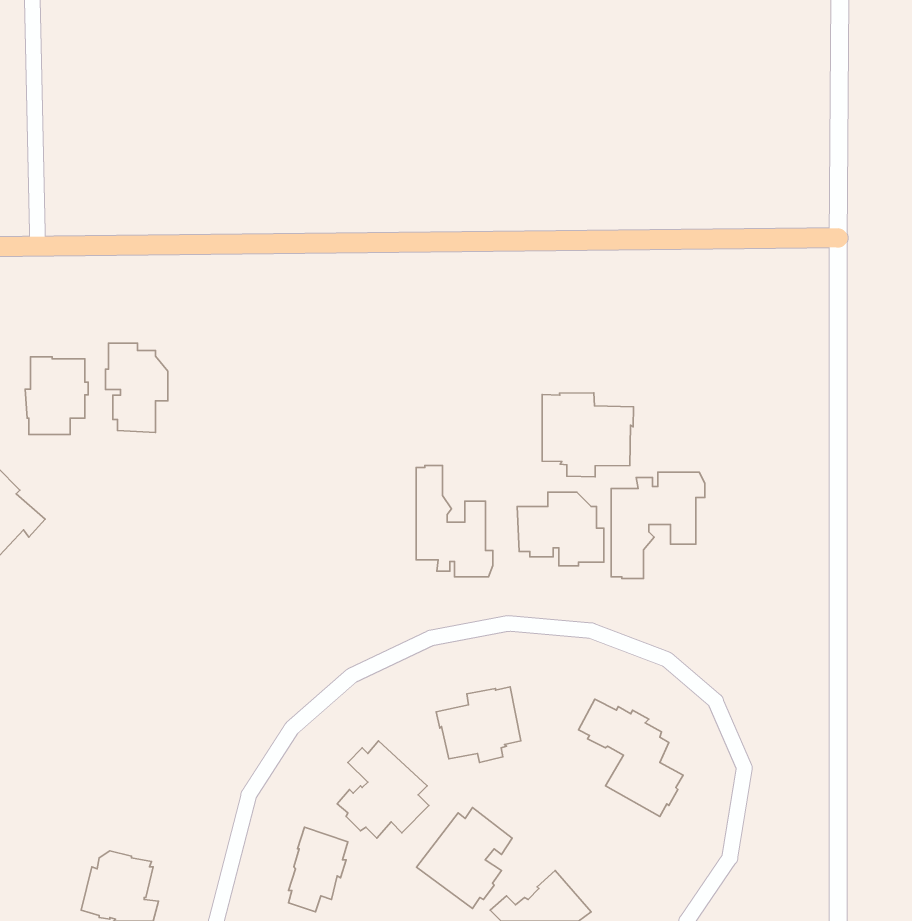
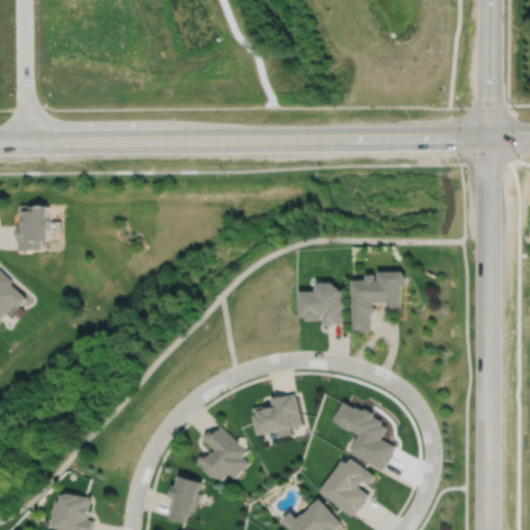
building: [105,343,168,432] -> none
building: [542,393,634,477] -> none
building: [416,465,493,577] -> none
building: [417,808,512,908] -> [319,459,374,517]

